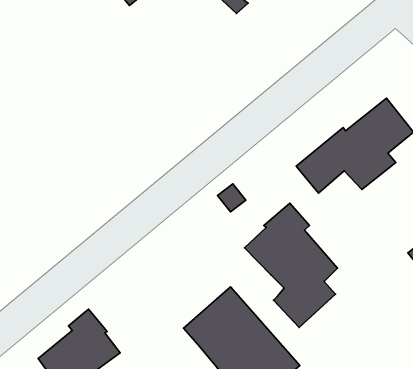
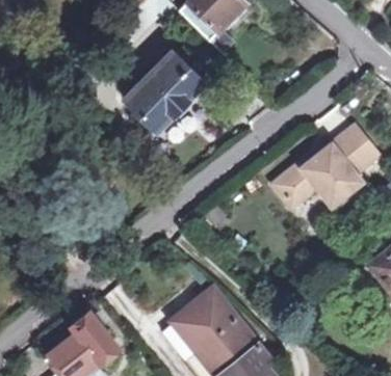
building: none -> [126,51,204,129]
building: [245,203,338,327] -> none

